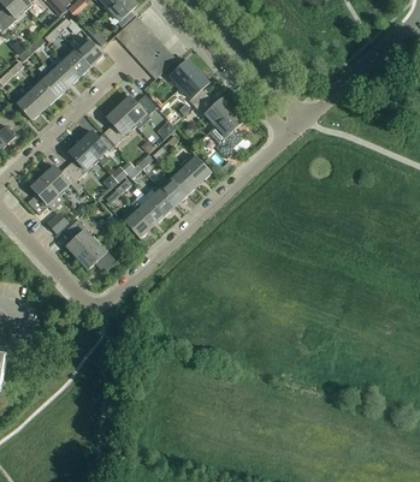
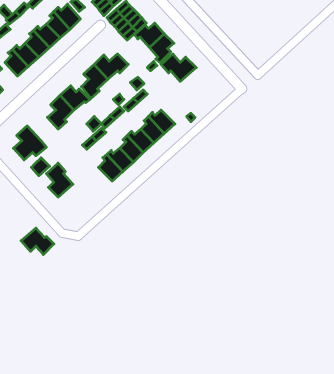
building: [214,108,244,156] -> none
building: [42,163,82,191] -> none
building: [77,240,114,270] -> [21,228,54,255]

